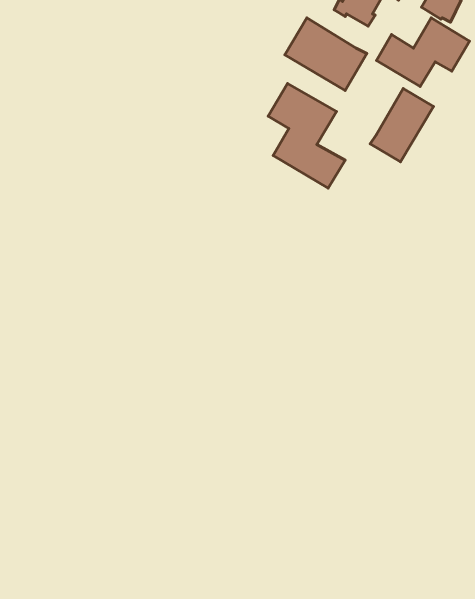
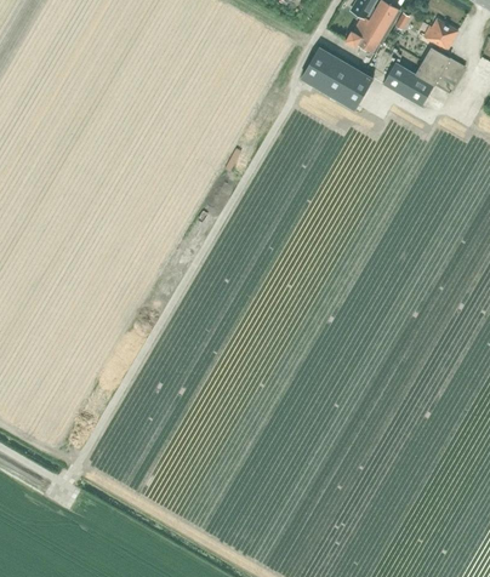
building: [268,83,345,188] -> none
building: [370,89,433,162] -> none

